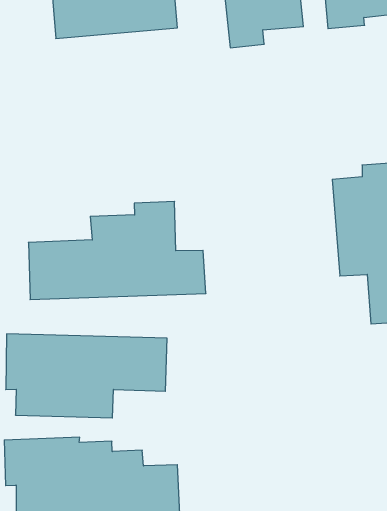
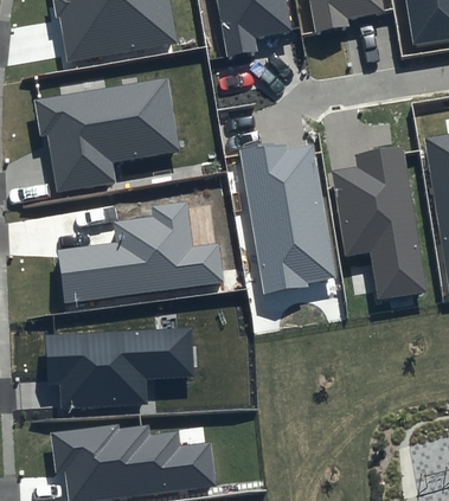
building: none -> [33,78,181,193]
building: none -> [238,140,336,296]

